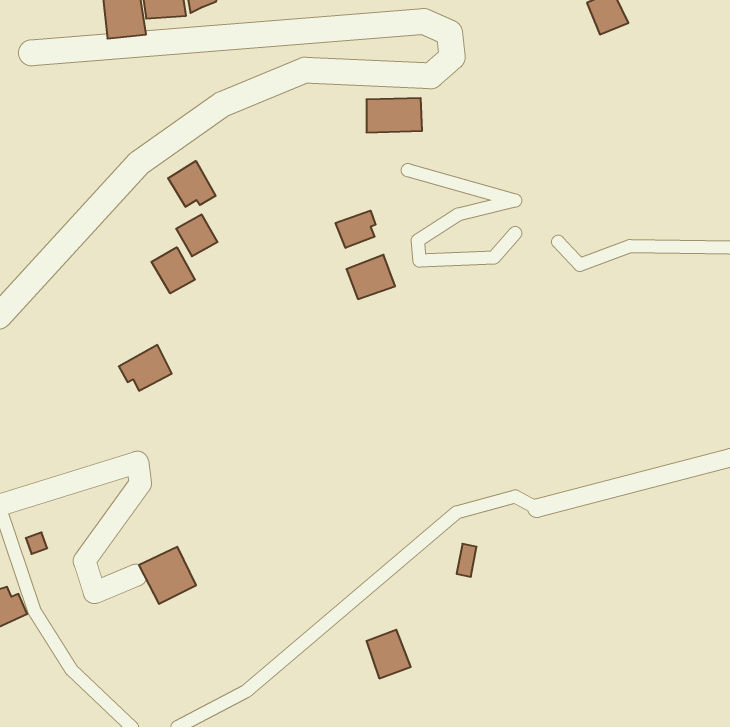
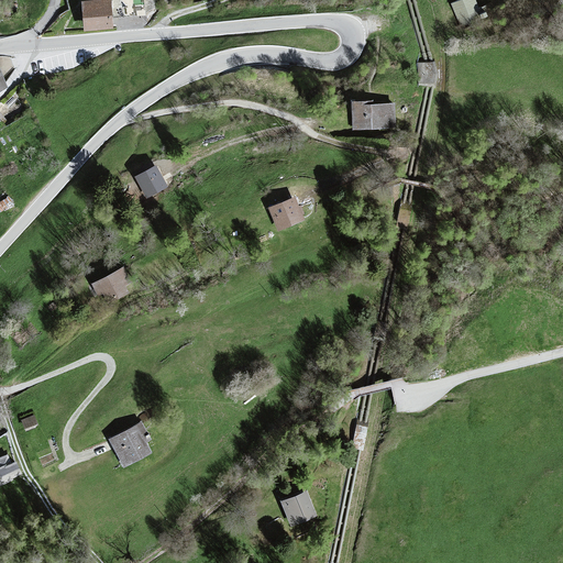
building: [366,98,422,132] -> [353,102,396,129]
building: [168,161,216,207] -> none
building: [336,211,376,248] -> none
building: [151,247,195,293] -> none

